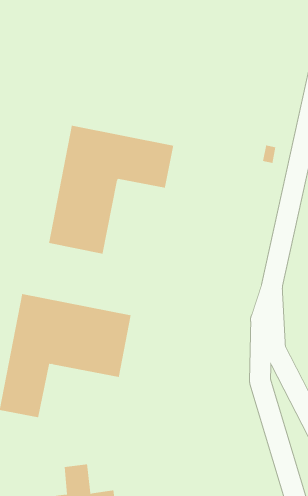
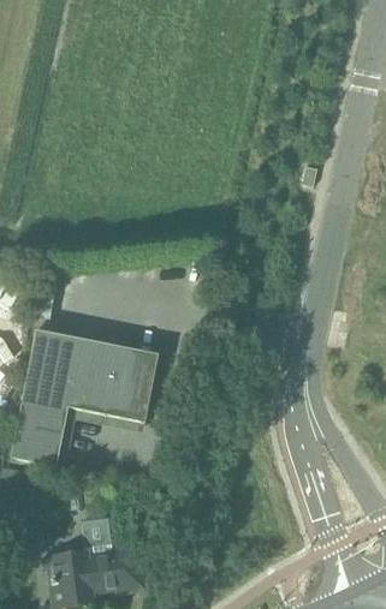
building: [48,125,174,254] -> none

